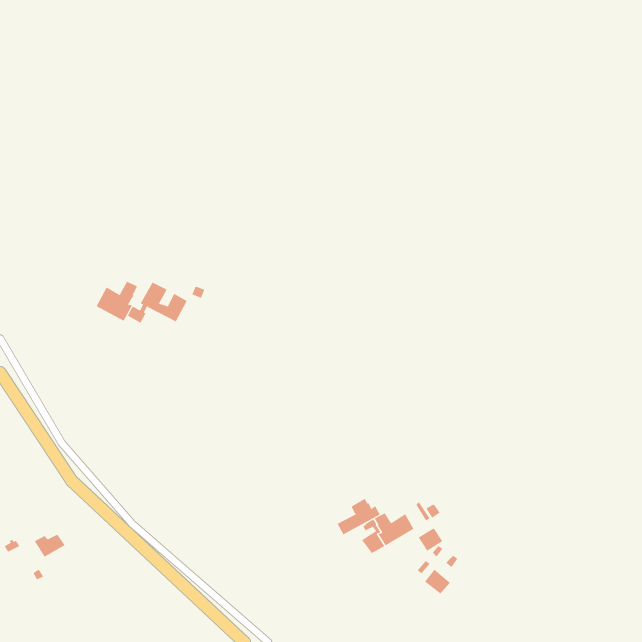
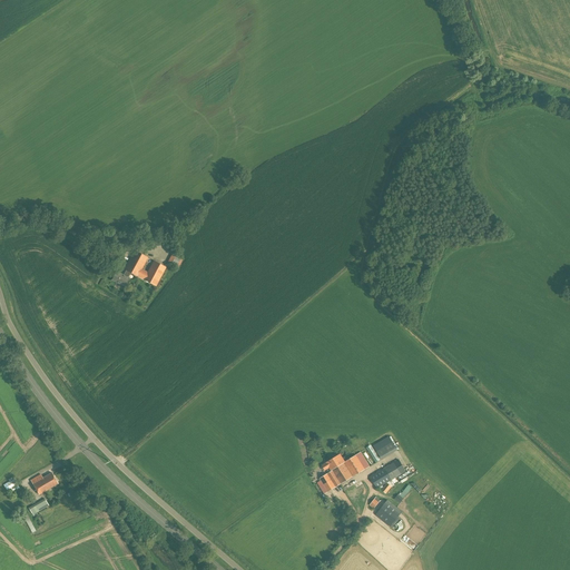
building: [96,281,138,322] -> none
building: [337,498,381,535] -> none

